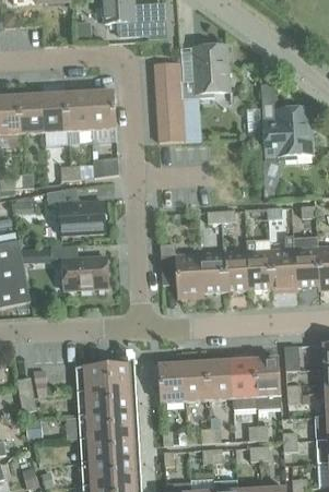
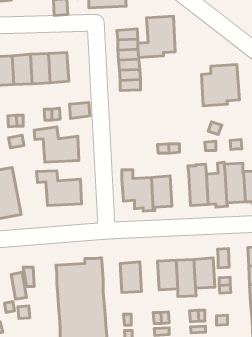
building: [89,91,115,129] -> none
building: [222,250,248,290] -> none
building: [183,361,208,400] -> none

